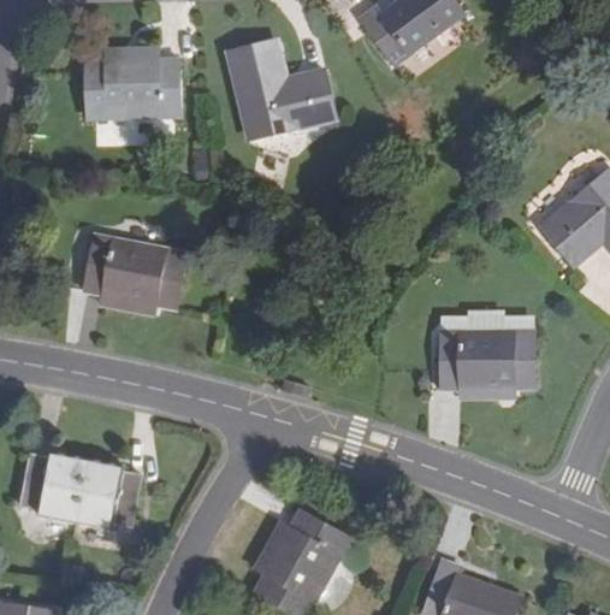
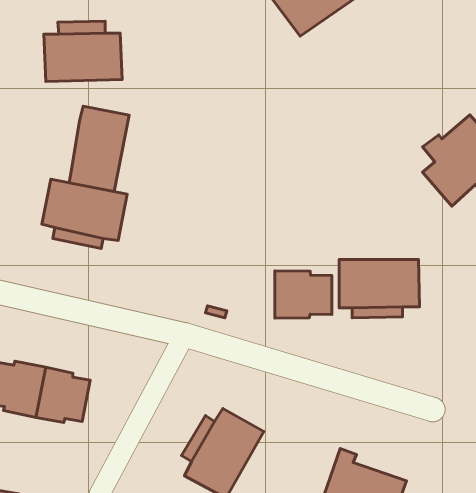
building: [229,41,337,137] -> none
building: none -> [69,106,129,191]
building: none -> [275,271,332,318]

